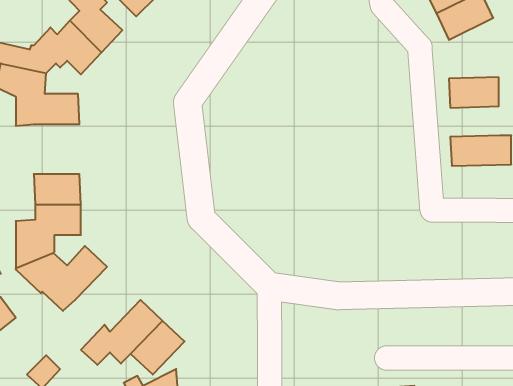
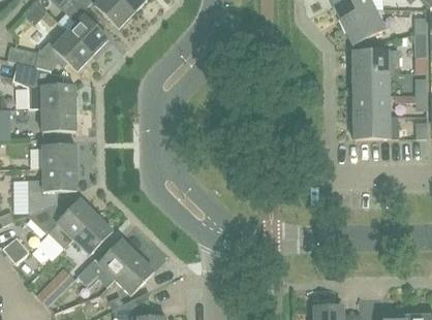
building: none -> [351,50,389,73]
building: none -> [352,94,390,117]
building: none -> [41,107,75,130]
building: none -> [72,214,113,254]

